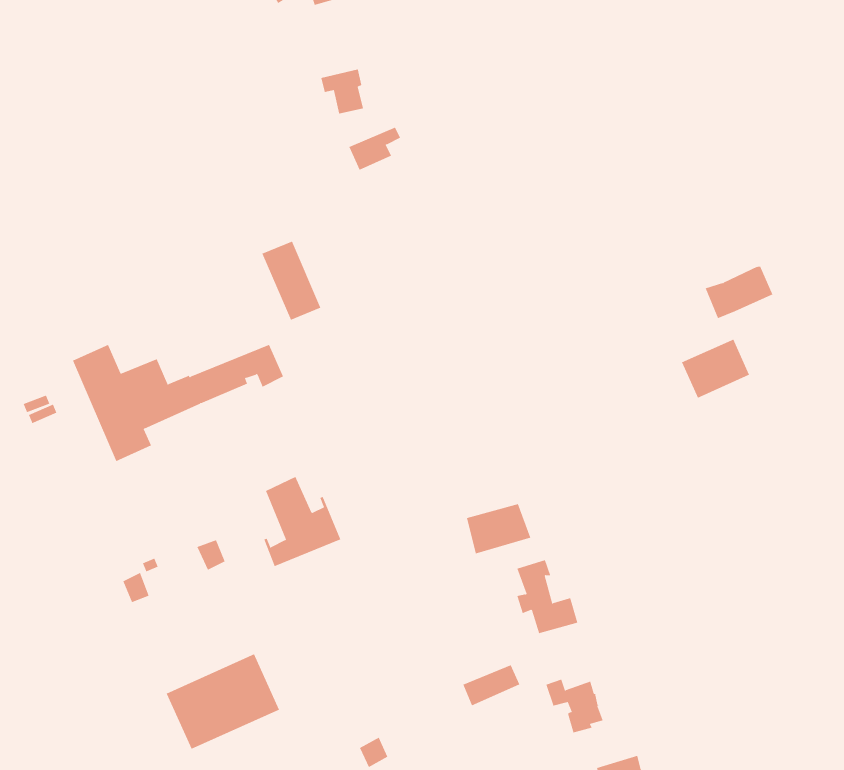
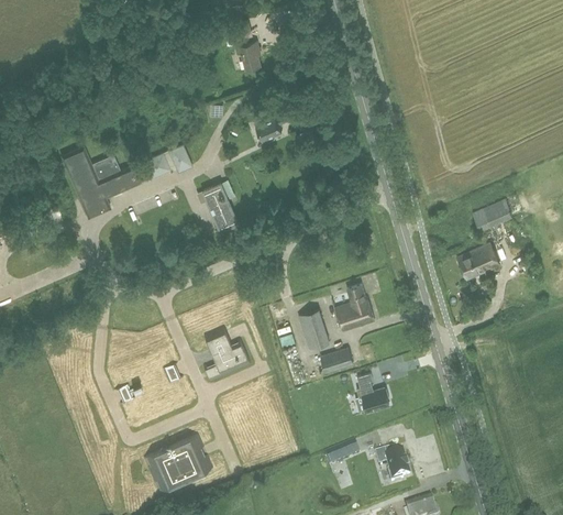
building: [321,69,364,114] -> [234,42,261,69]
building: [72,344,284,462] -> [63,145,191,217]
building: none -> [335,285,374,331]
building: none -> [299,310,329,349]

